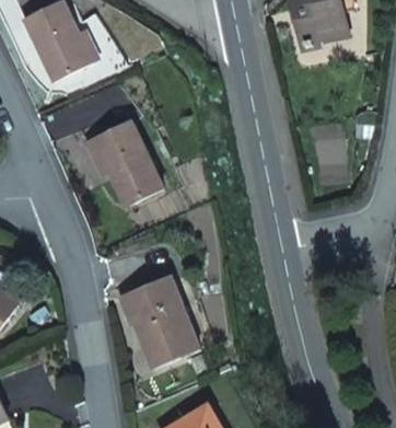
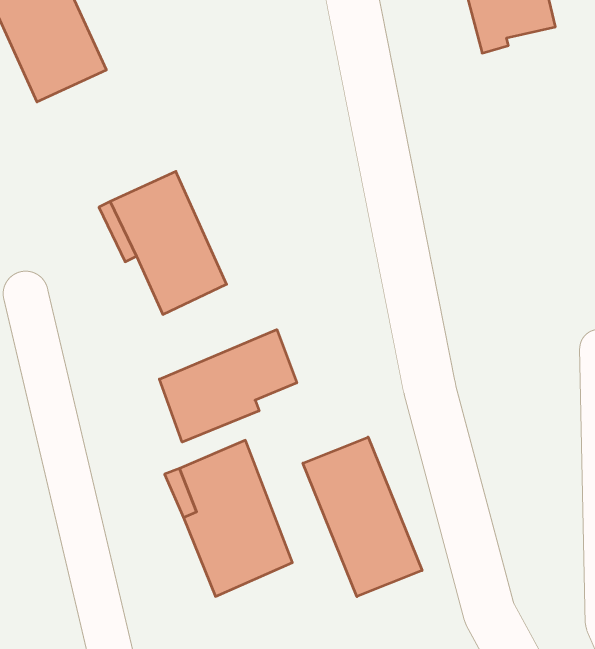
building: none -> [159,330,297,442]
building: none -> [303,437,422,597]

